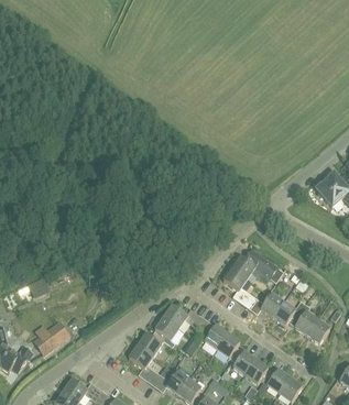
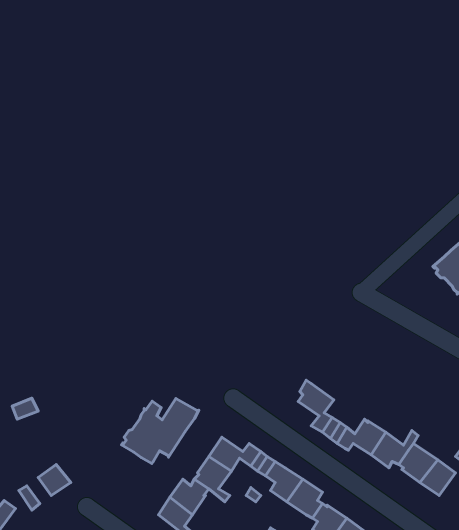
building: [229,249,277,278] -> none
building: none -> [121,398,199,463]

